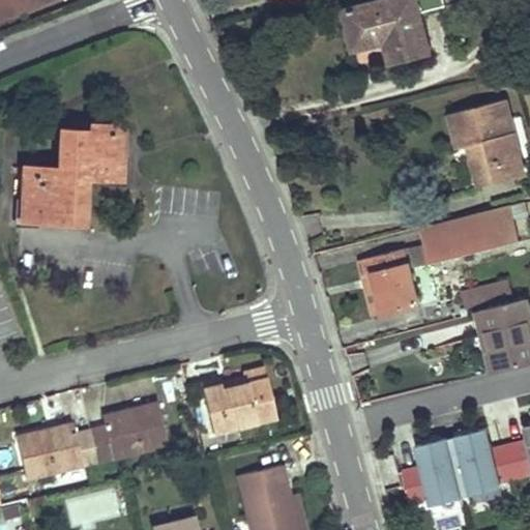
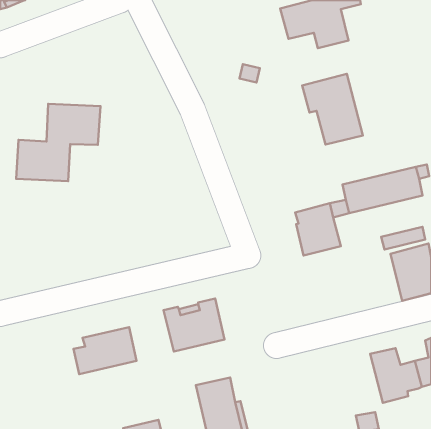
building: [450,100,525,187] -> [302,74,363,145]
building: [16,424,97,479] -> none
building: [402,439,462,507] -> none

